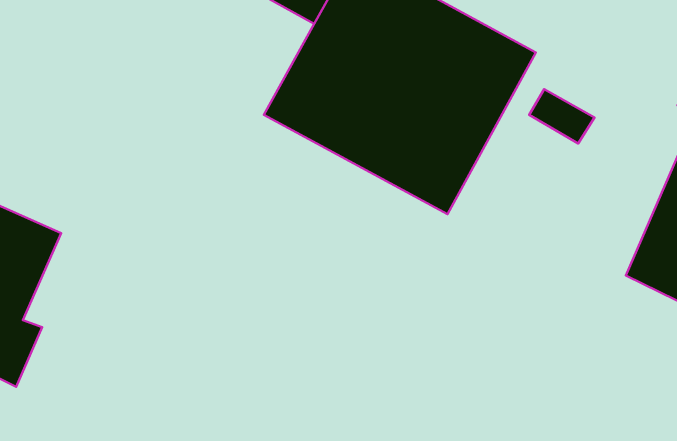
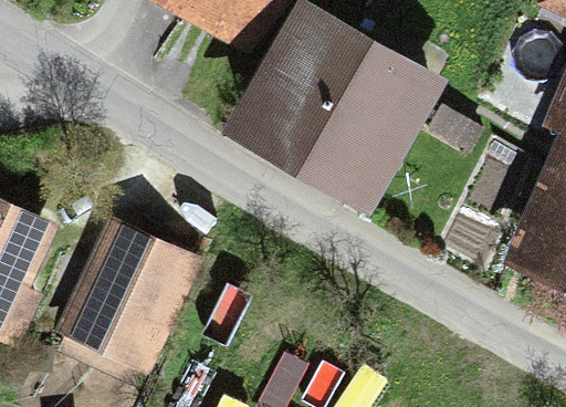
building: none -> [55,222,200,377]

